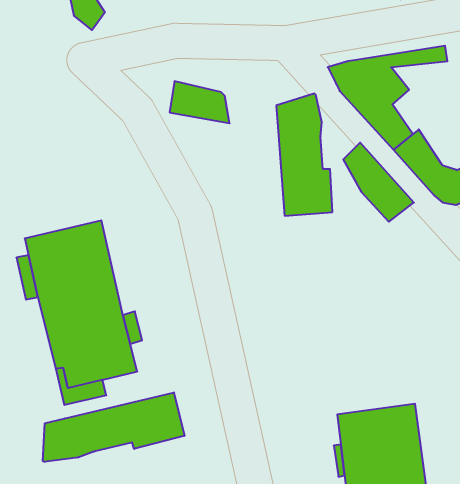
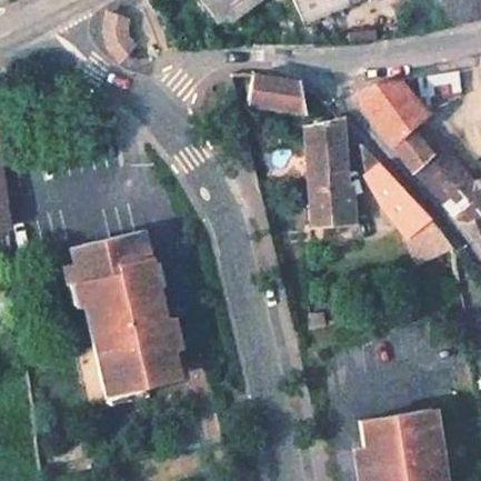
building: [170,81,230,123] -> [250,76,305,114]
building: none -> [409,218,454,264]
building: [43,392,184,462] -> none

